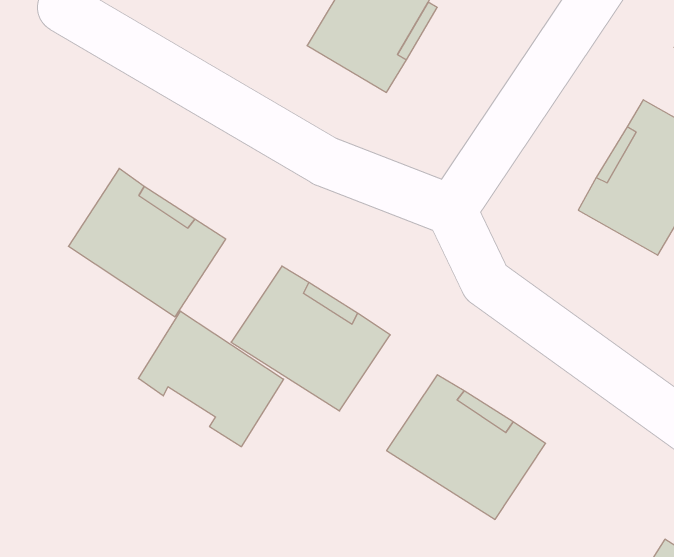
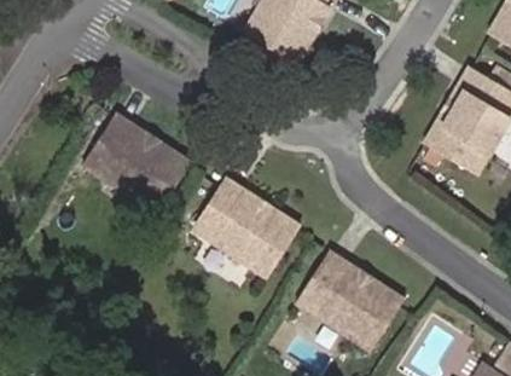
building: [138,311,284,447] -> none

